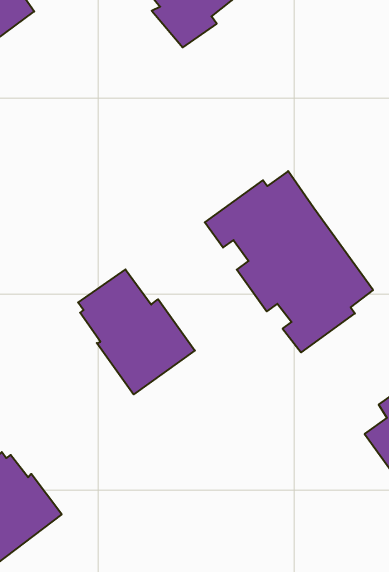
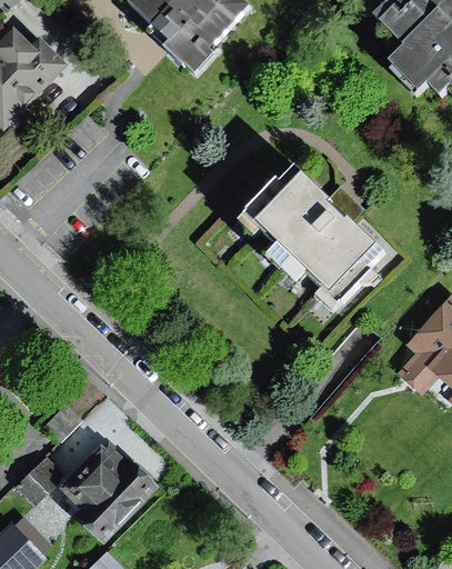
building: [78,269,195,394] -> none

